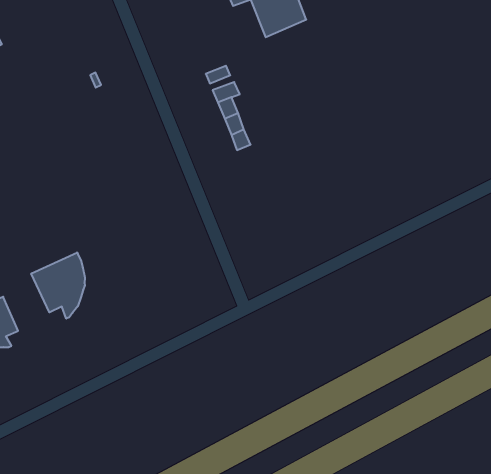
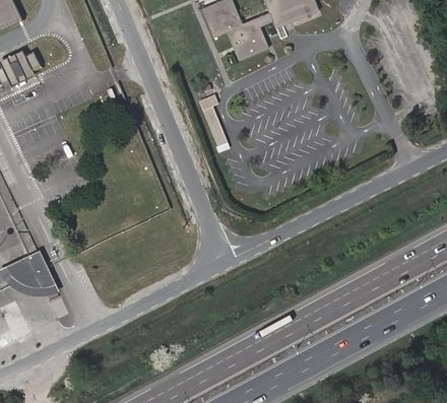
building: [31,252,85,319] -> none

